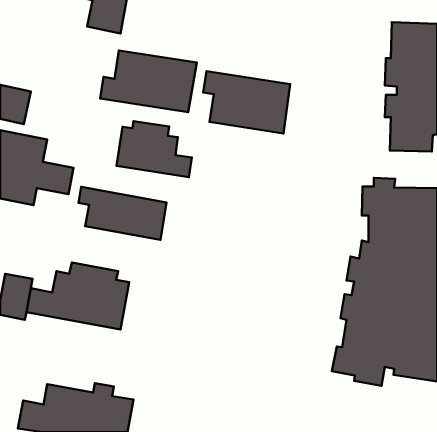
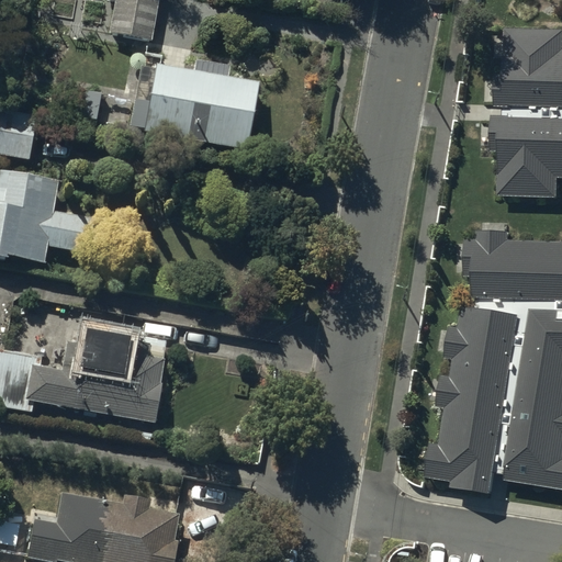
building: [203,71,290,134] -> none
building: [116,121,192,177] -> none
building: [78,187,166,240] -> none

